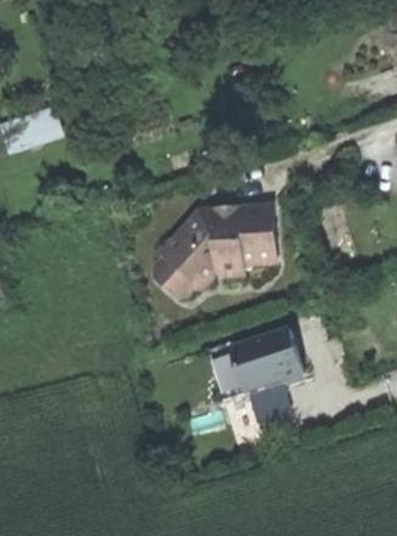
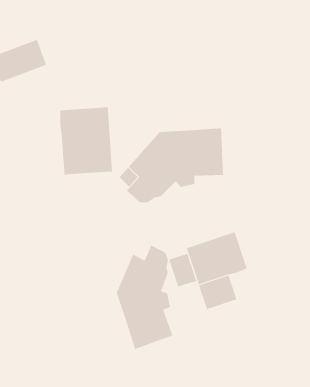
building: none -> [60,107,112,175]
building: none -> [116,244,173,350]

